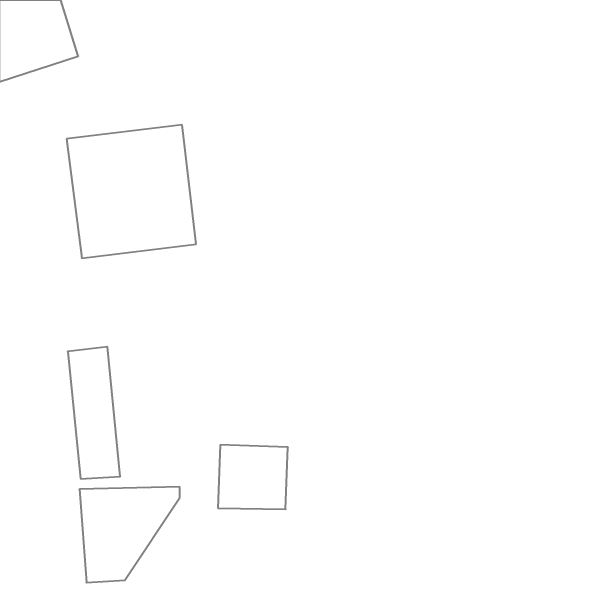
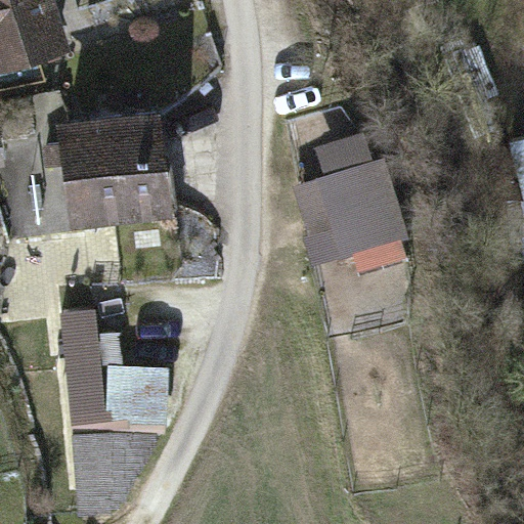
building: none -> [292,131,408,269]
building: [218,445,288,509] -> [106,364,168,421]

